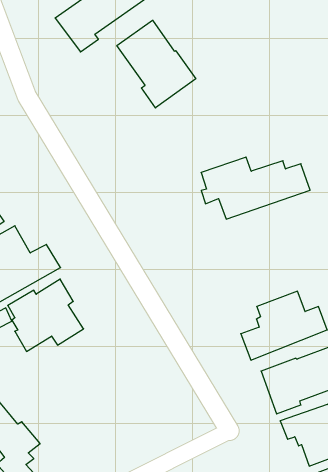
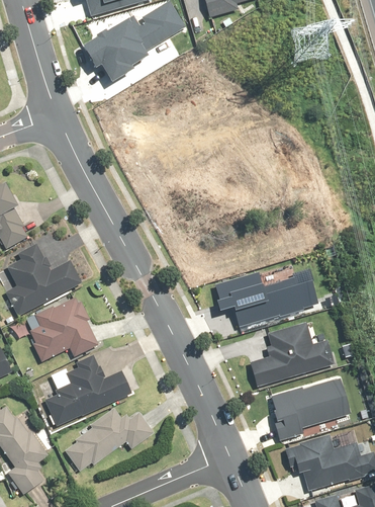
building: [117,20,196,108] -> none
building: [201,157,310,219] -> [213,270,318,329]
building: none -> [42,352,129,427]
building: none -> [64,406,153,471]

